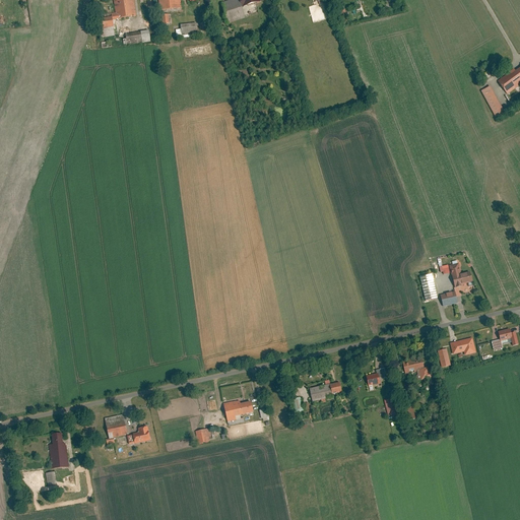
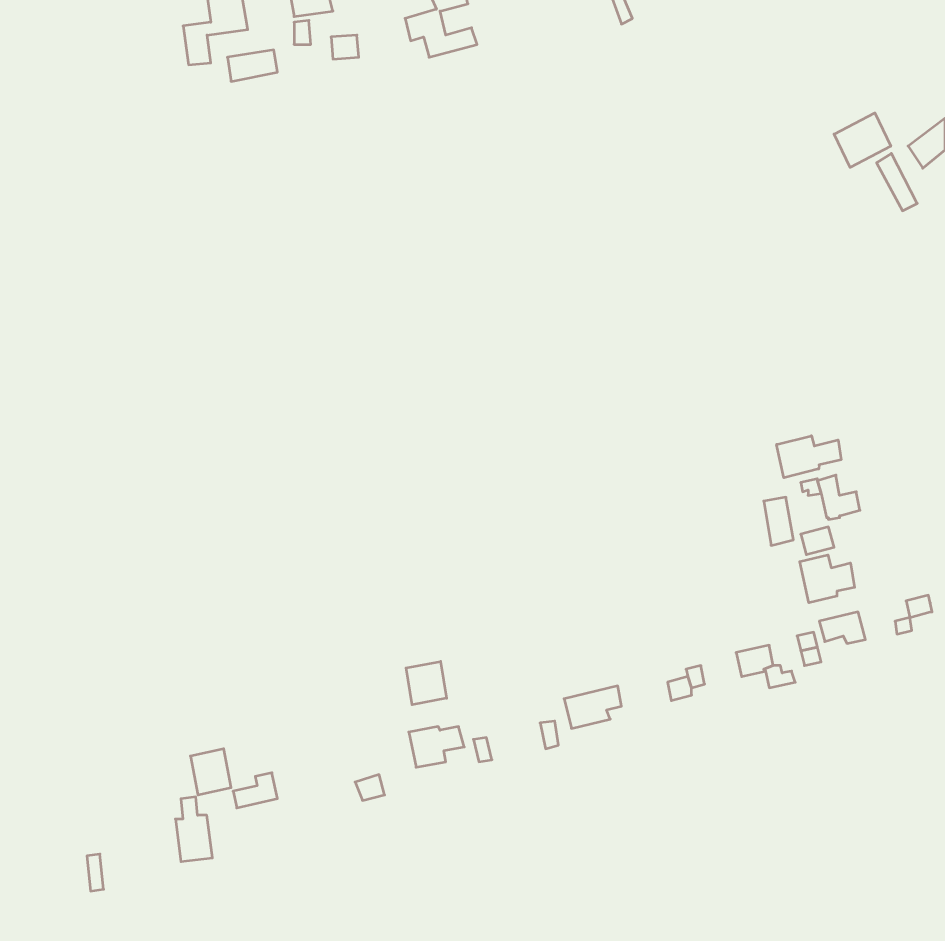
building: none -> [834,113,891,167]
building: none -> [777,436,841,478]
building: none -> [800,555,855,603]
building: none -> [406,661,447,705]
building: [50,432,70,467] -> [175,797,212,862]

